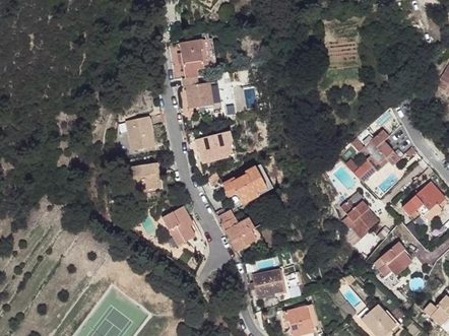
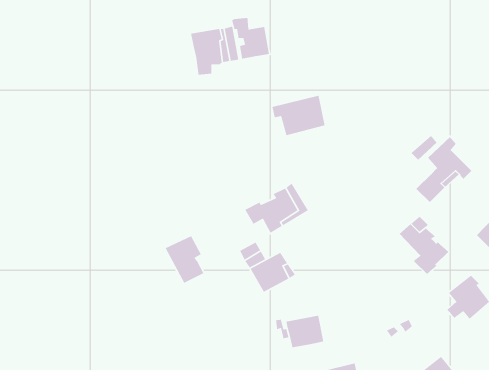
building: [182,79,212,113] -> [231,17,270,60]
building: [124,117,155,153] -> none
building: [193,129,236,161] -> [272,95,326,136]
building: [129,163,162,195] -> none

